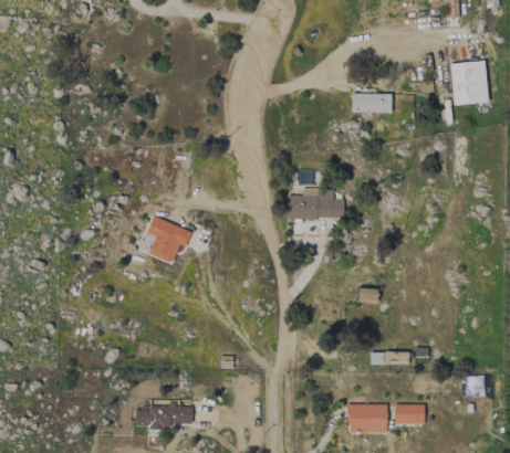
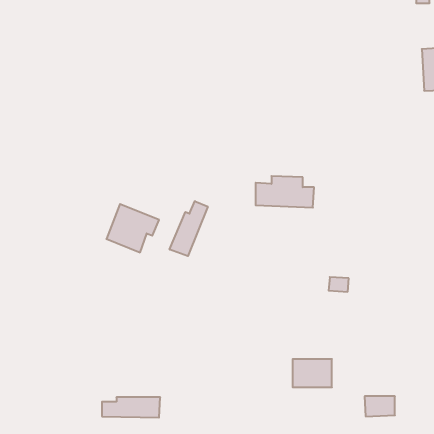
building: [352,93,393,113] -> none
building: none -> [170,201,208,256]
building: [348,404,387,432] -> [293,359,332,387]

